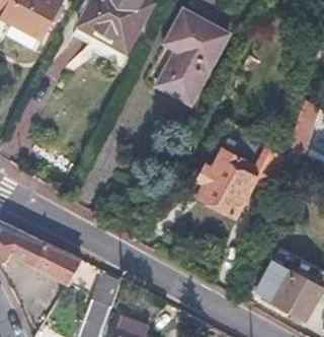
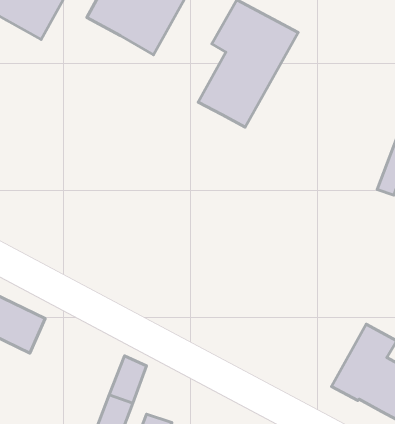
building: [190,148,282,216] -> none
building: [33,244,78,283] -> none

